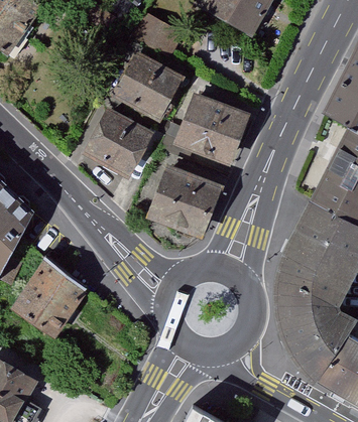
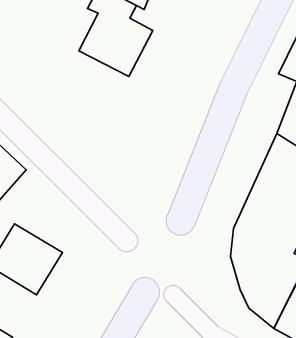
building: [152,90,254,164] -> none
building: [83,106,156,177] -> none
building: [148,163,221,241] -> none

